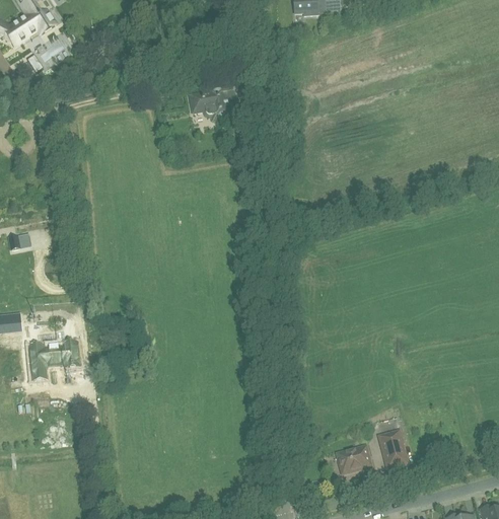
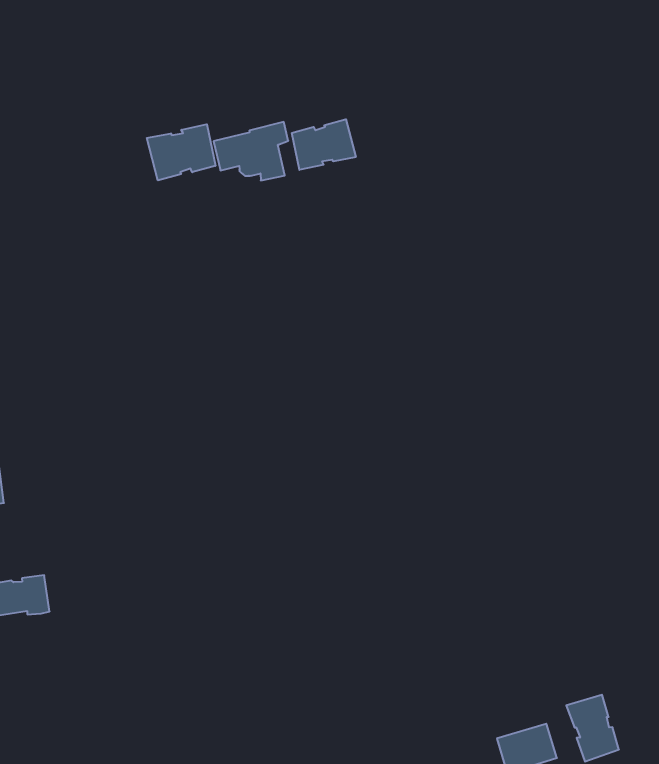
building: none -> [147,124,215,180]
building: none -> [292,119,356,170]

